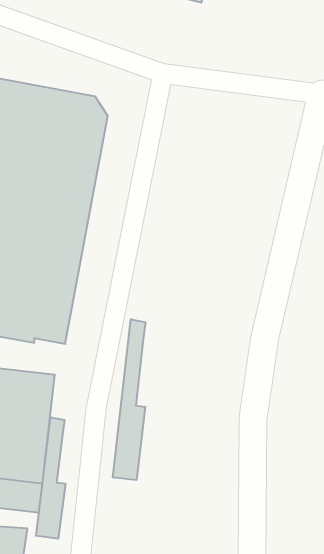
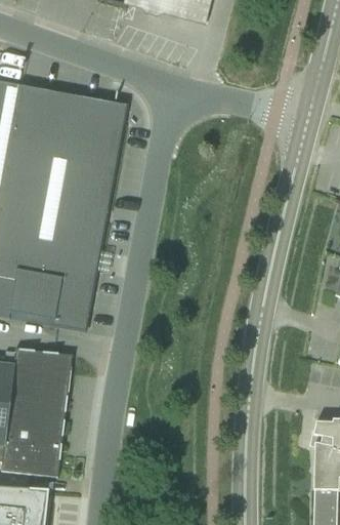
building: [113,319,146,480] -> none
building: [36,417,65,539] -> none

